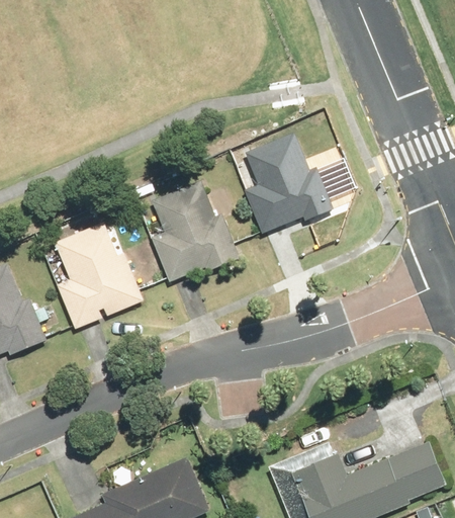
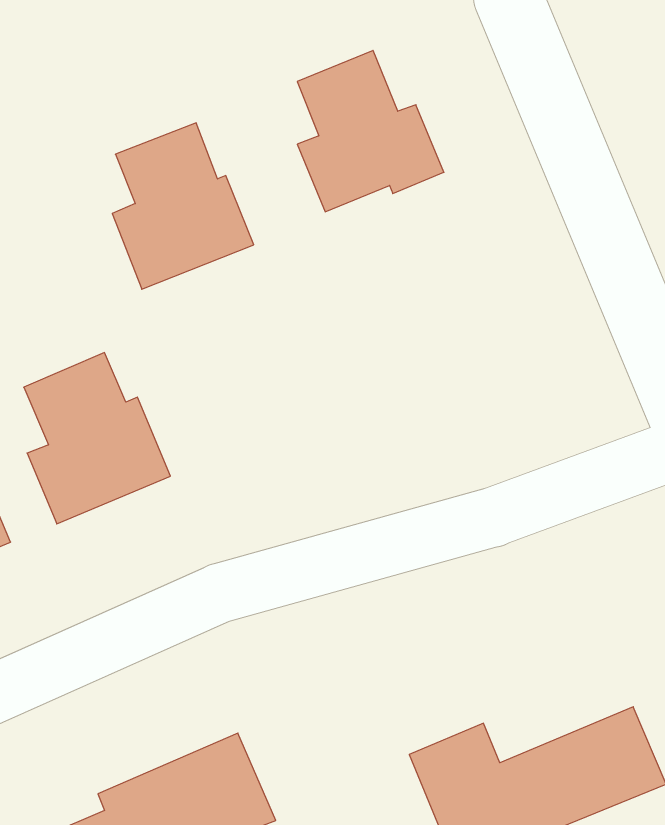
building: [245,133,335,232] -> [297,50,444,212]
building: [150,181,237,283] -> [112,123,254,289]

